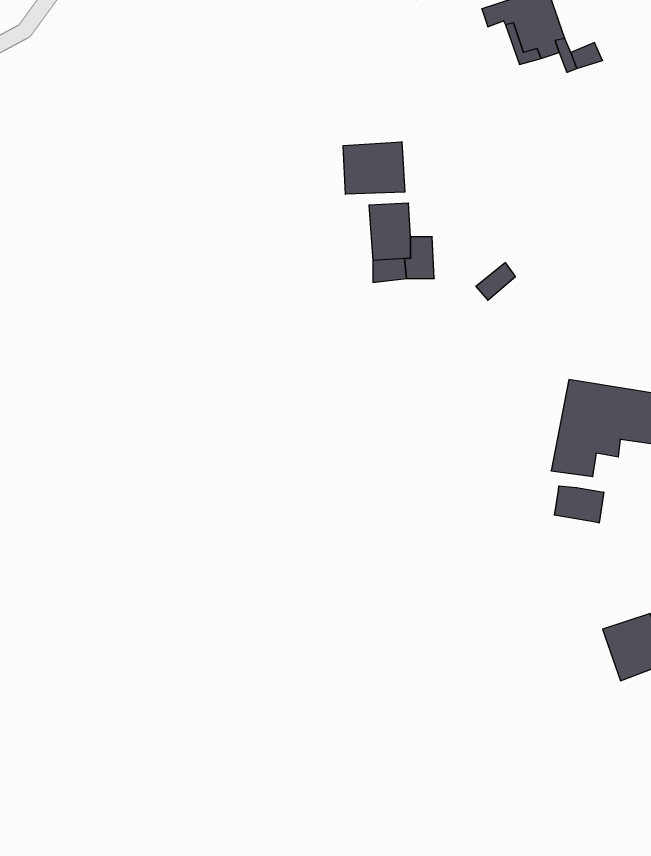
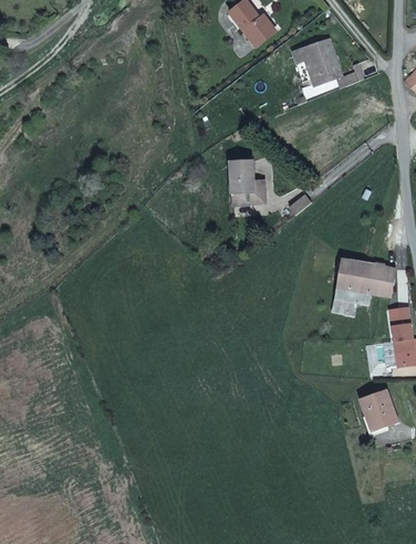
building: [343,142,405,194] -> none
building: [554,486,604,523] -> none

